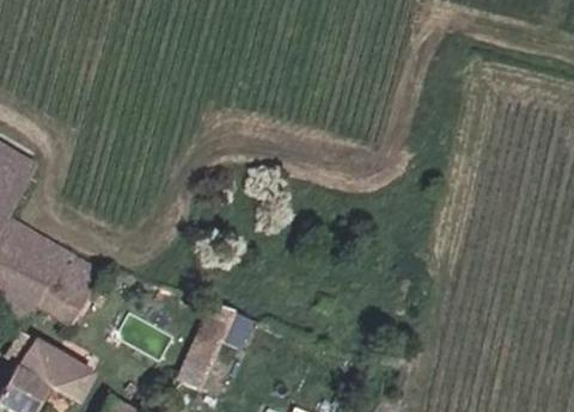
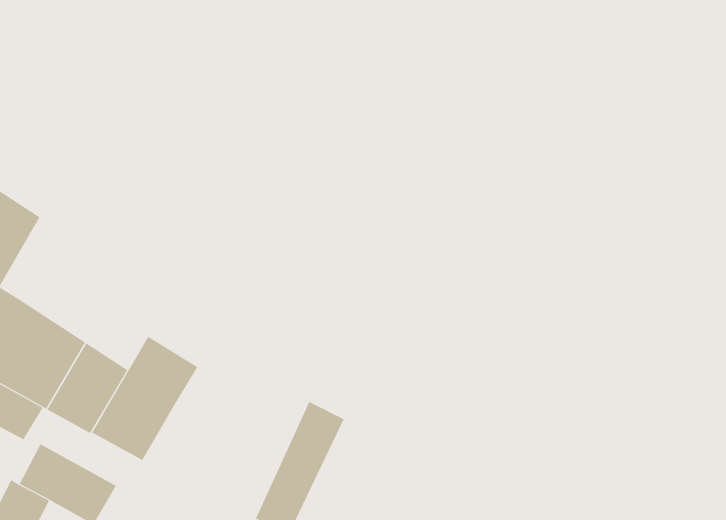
building: none -> [92,336,198,461]

